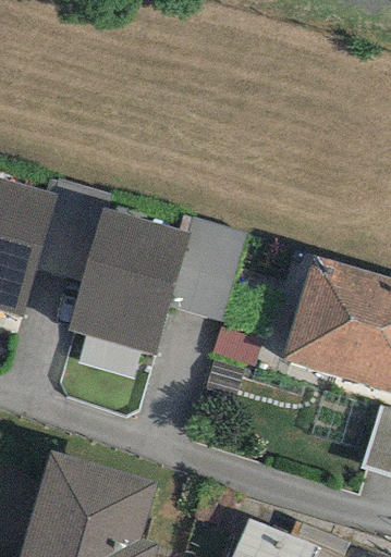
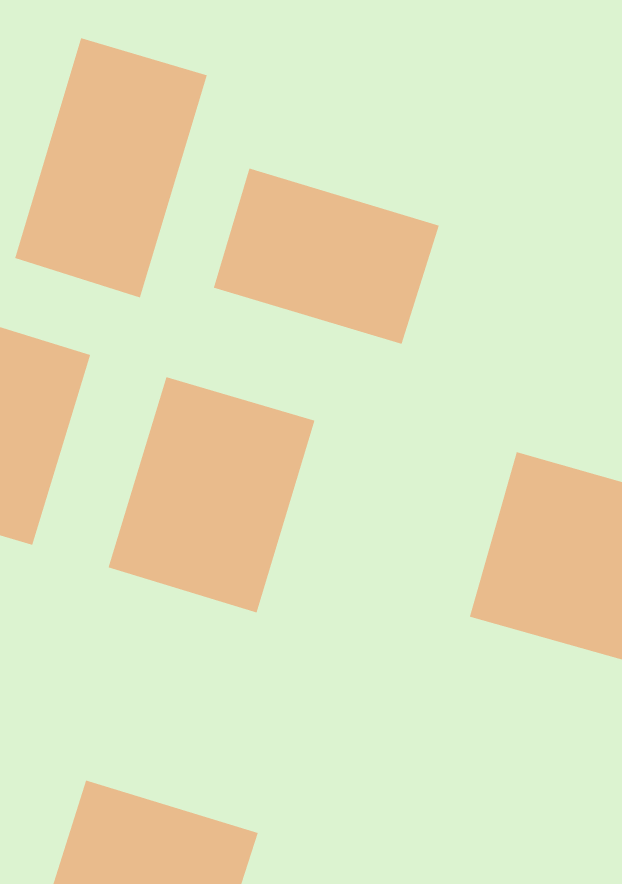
building: none -> [14,37,208,298]
building: none -> [213,168,440,345]

